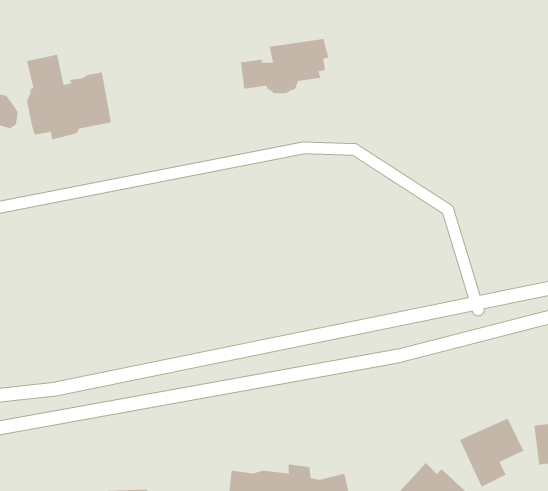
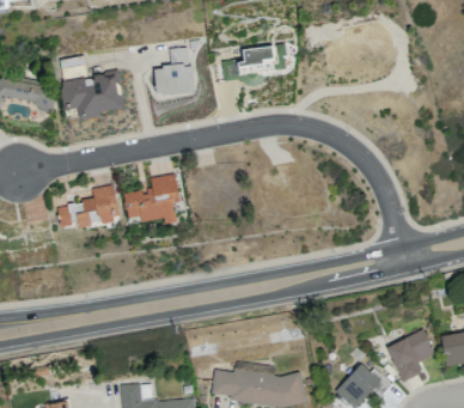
building: none -> [153,47,194,95]
building: none -> [122,172,184,224]
building: none -> [56,184,118,229]

